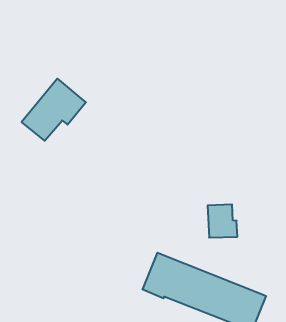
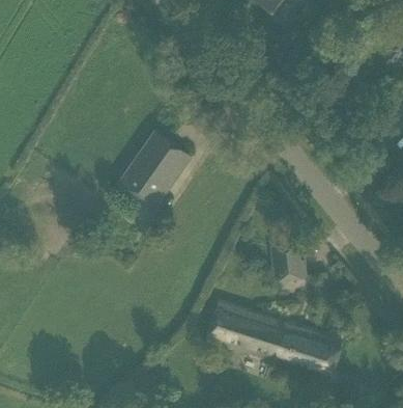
building: [22,79,86,141] -> [119,133,189,202]

